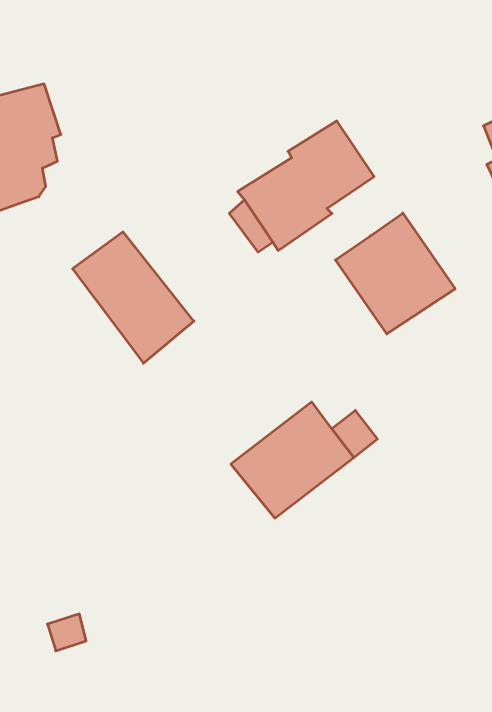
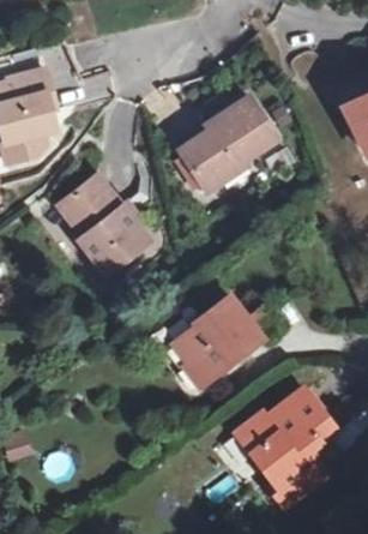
building: [335,213,455,334] -> none
building: none -> [242,390,336,498]

